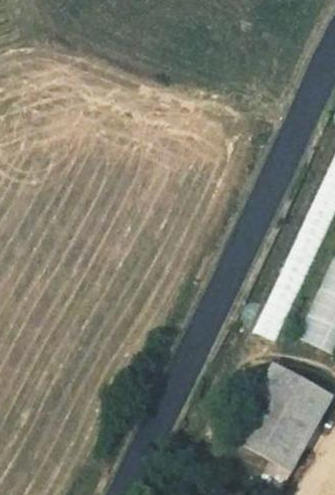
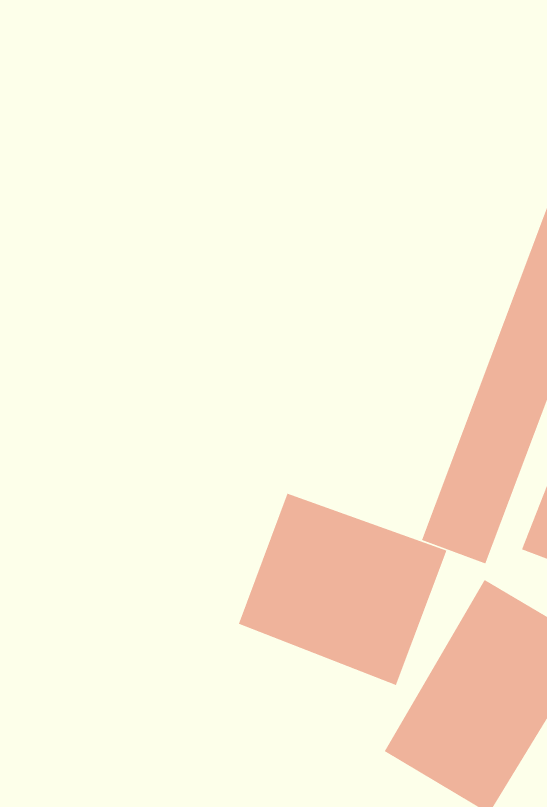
building: none -> [238,493,447,686]

